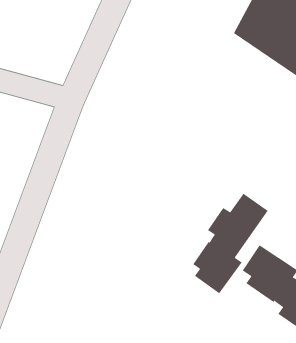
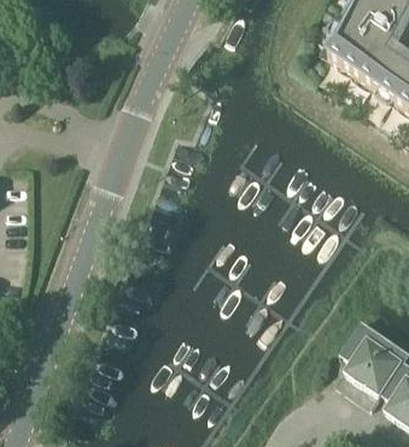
building: [192,193,269,294] -> none

